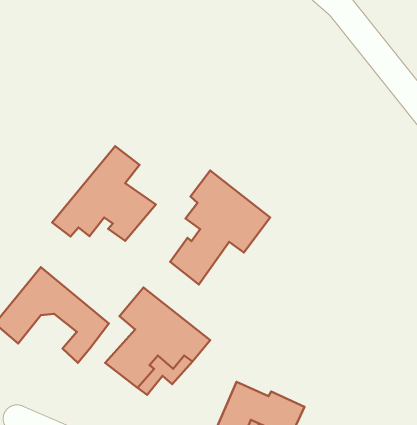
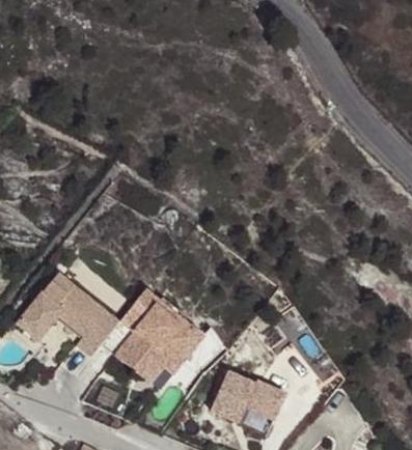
building: [52,146,156,241] -> none
building: [170,170,270,285] -> none

